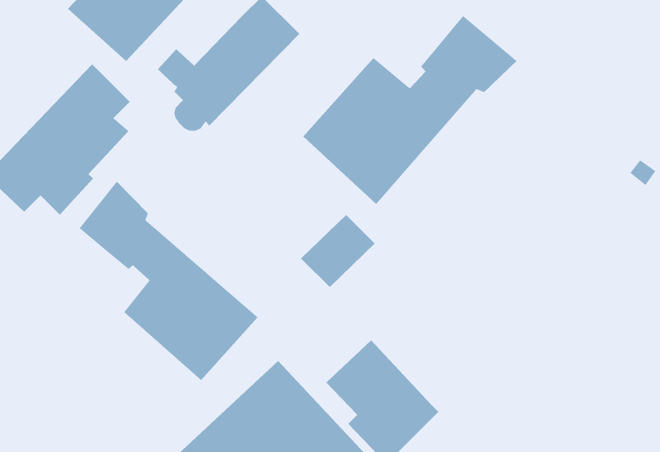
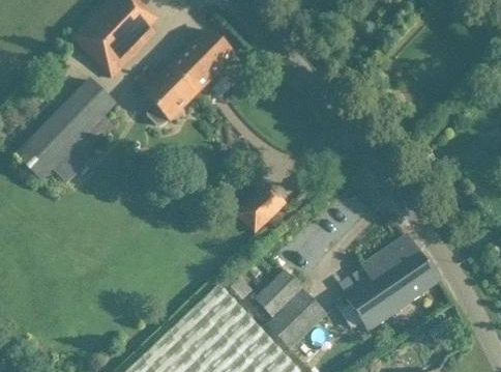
building: [302,15,518,205] -> none
building: [79,181,258,381] -> none
building: none -> [344,234,440,332]

